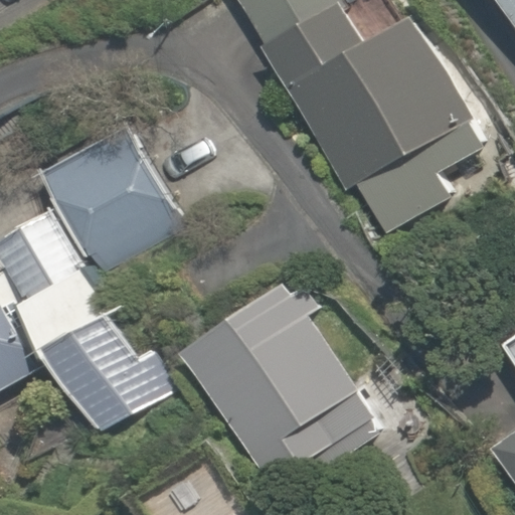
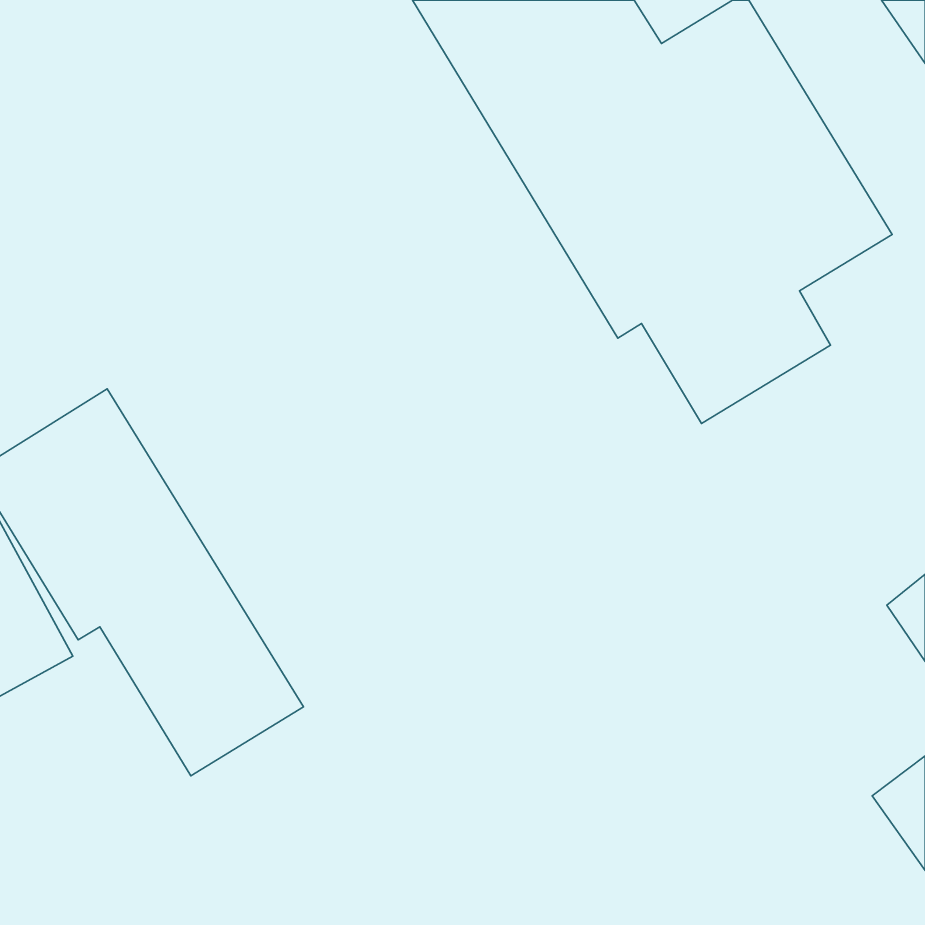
building: [45,125,187,279] -> none
building: [176,277,369,486] -> none

